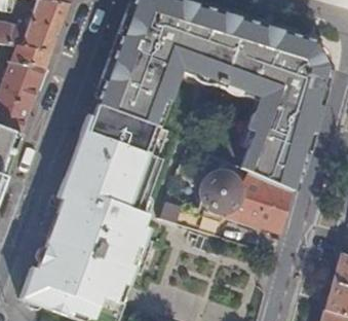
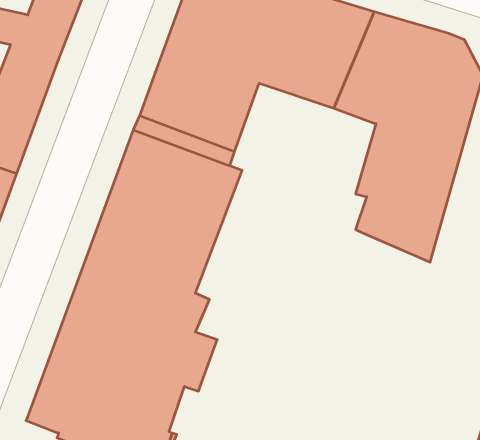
building: [159,169,294,235] -> none

